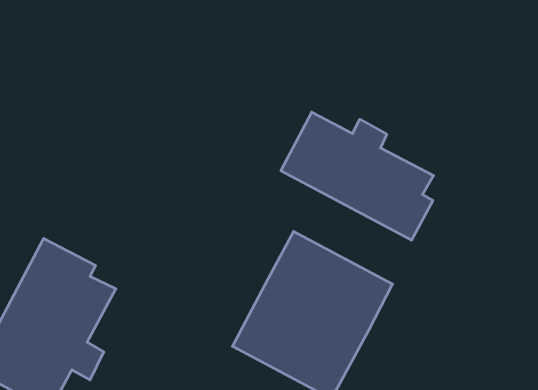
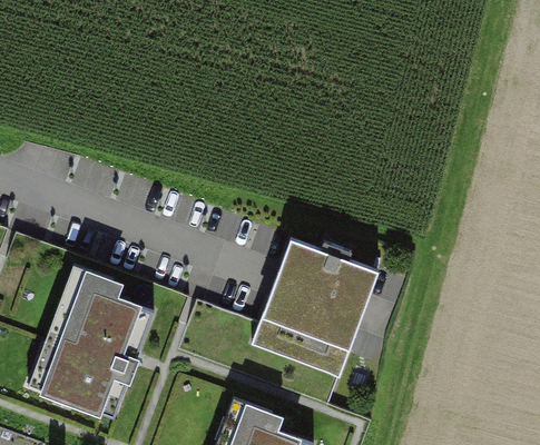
building: [281,112,434,240] -> none

